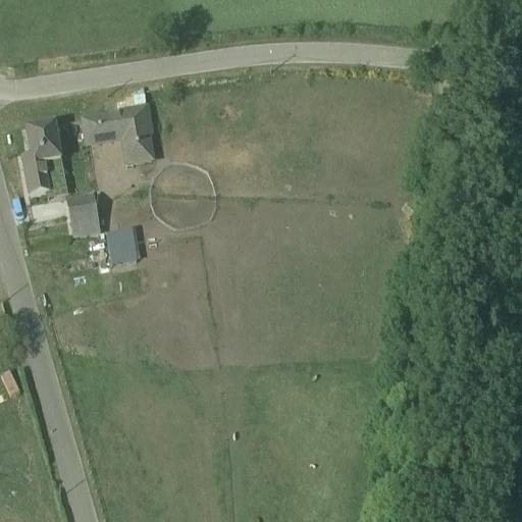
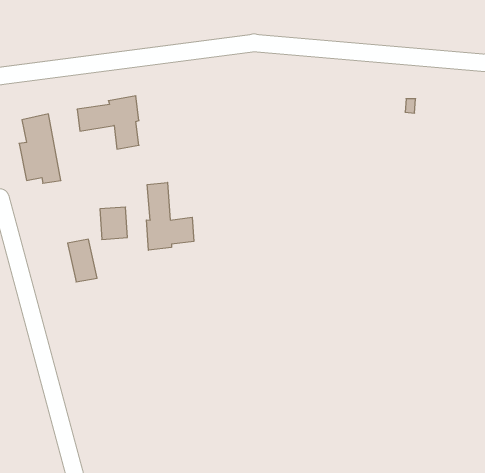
building: [67,195,99,241] -> [68,239,97,282]
building: none -> [147,182,194,250]

